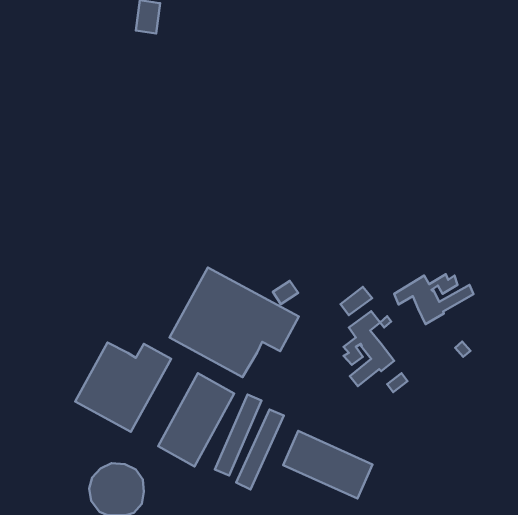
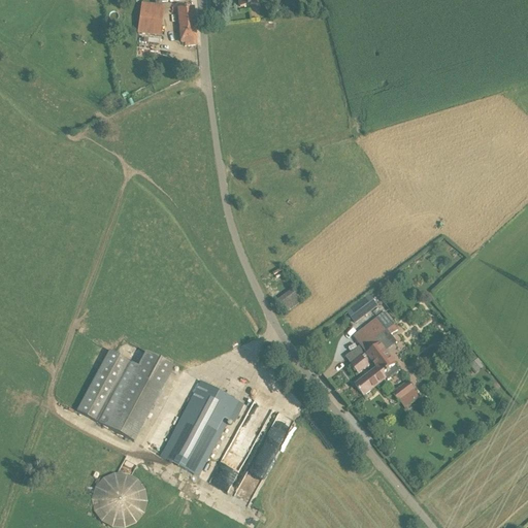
building: none -> [178,6,196,44]
building: [169,267,299,377] -> none
building: [394,274,474,324] -> none
building: [283,431,373,499] -> none

